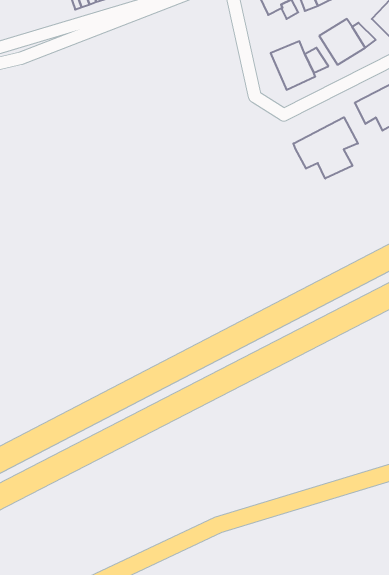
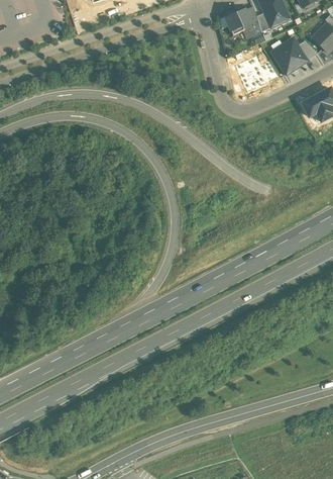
building: [293,117,358,179] -> none

